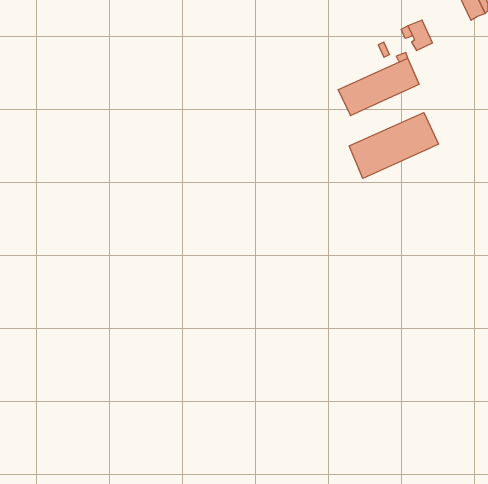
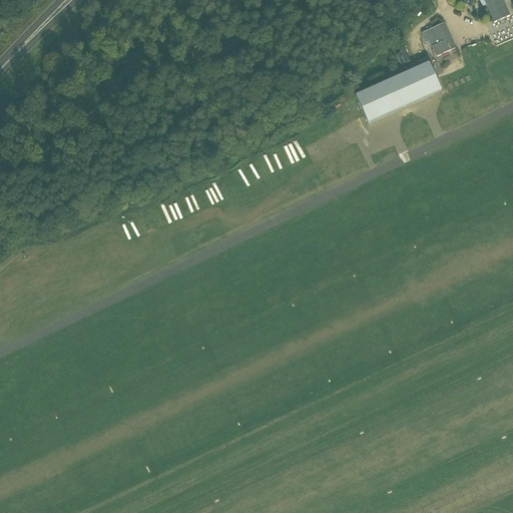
building: [349,113,438,178] -> none

